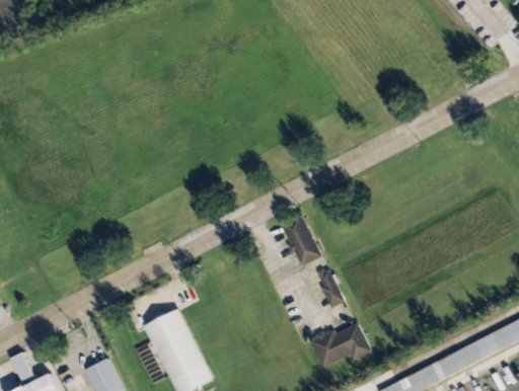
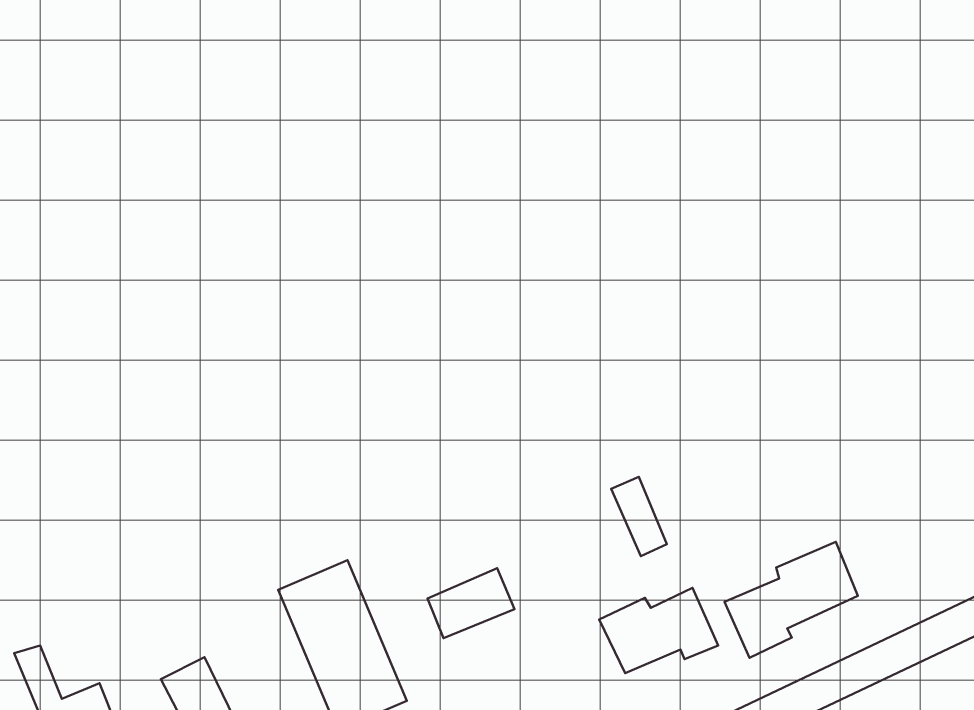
building: [281,215,320,267] -> none
building: none -> [724,542,858,658]
building: none -> [428,568,515,638]

